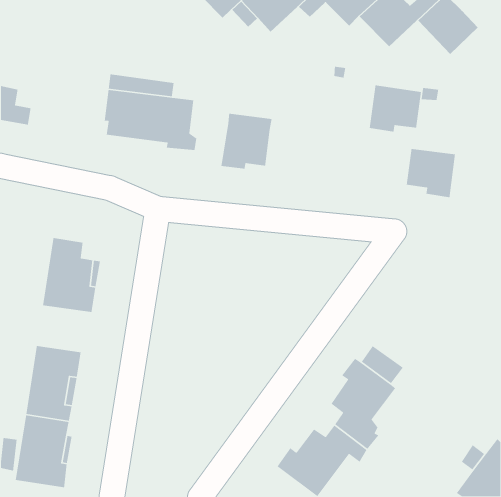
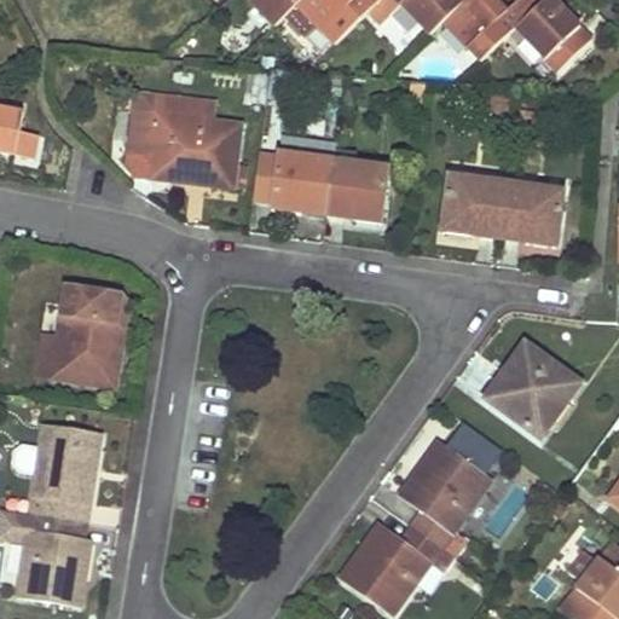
building: [369,85,422,133] -> [441,174,507,233]
building: none -> [328,160,387,220]
building: none -> [486,341,579,436]

